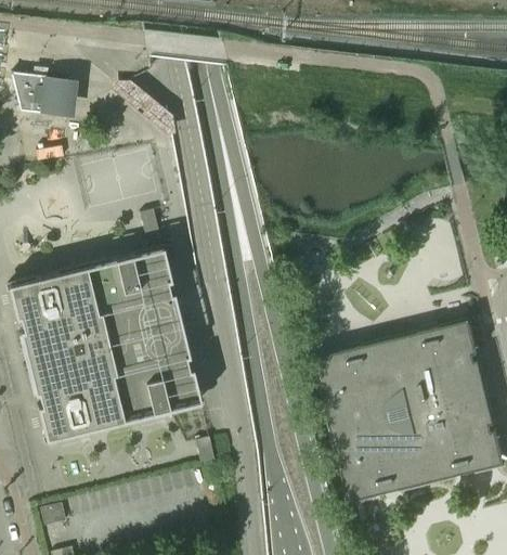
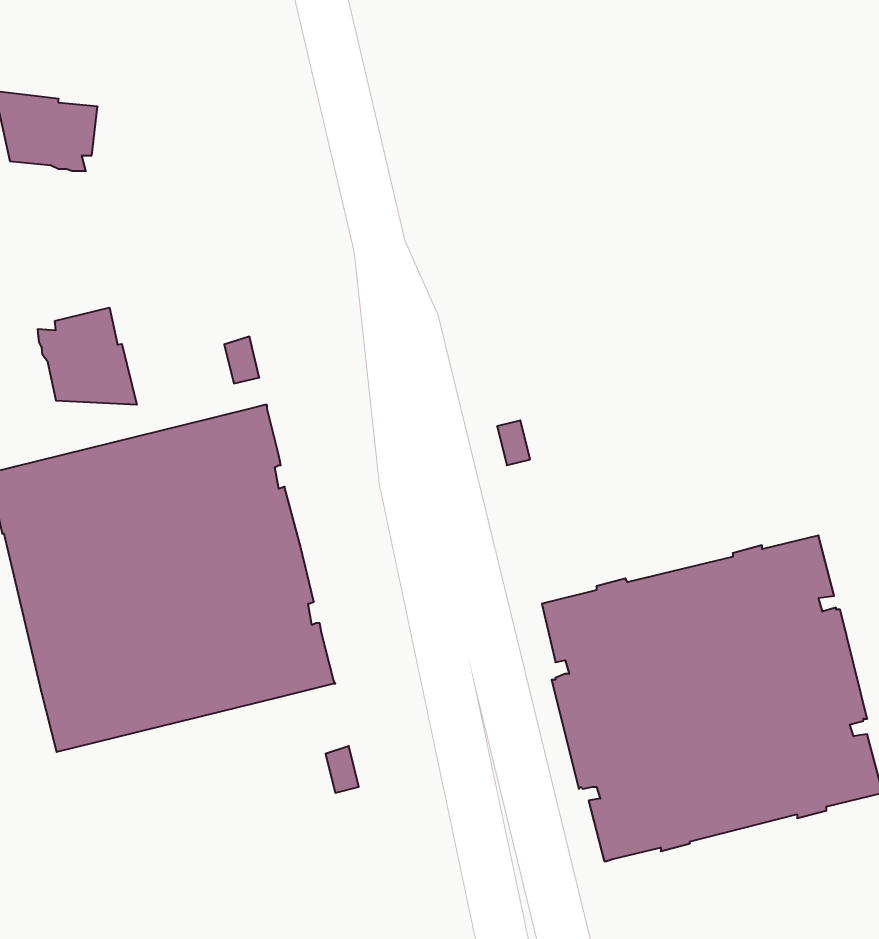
building: none -> [38,308,137,405]

